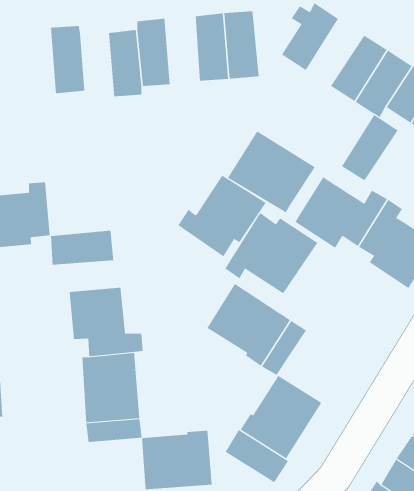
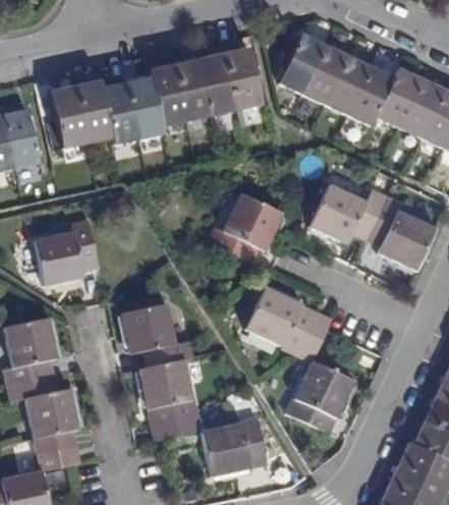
building: none -> [173,59,210,121]
building: none -> [49,86,87,148]
building: none -> [102,83,137,145]
building: [341,114,399,181] -> [301,45,347,104]
building: [227,131,315,213] -> none
building: [224,212,318,294] -> none
building: [51,230,114,265] -> none
building: [225,429,289,483] -> none

